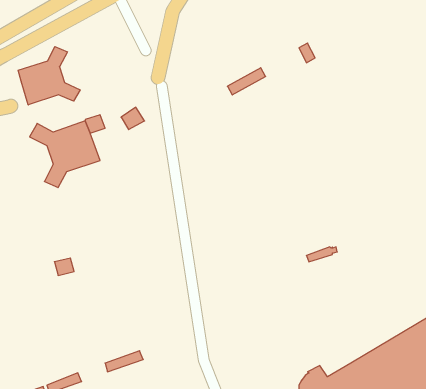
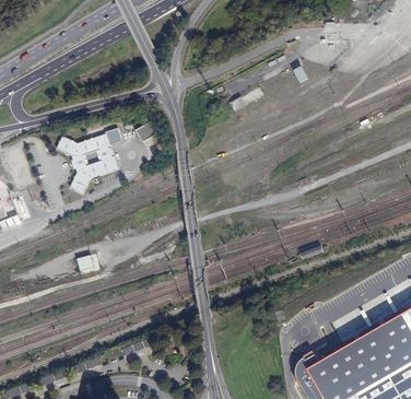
building: [18,47,80,105] -> none

